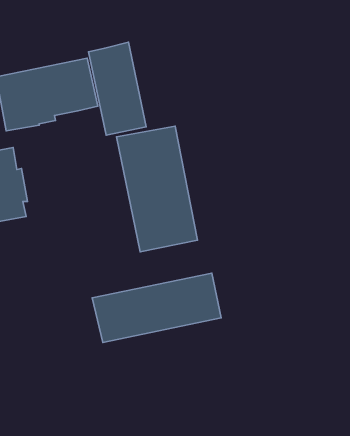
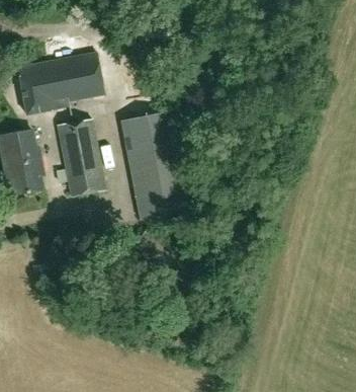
building: [89,42,146,135] -> [57,116,106,197]
building: [92,273,221,343] -> none

